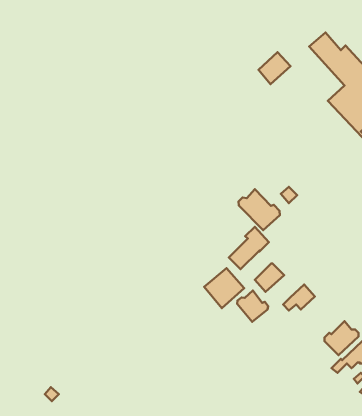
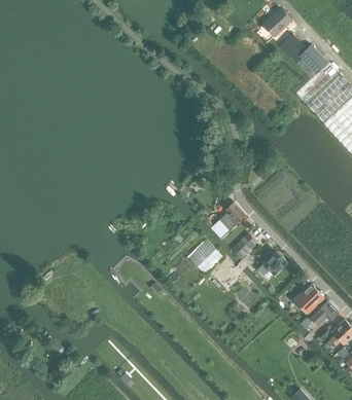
building: [259,52,290,84] -> [263,8,291,36]
building: [239,189,280,230] -> none
building: [237,290,268,322] -> none

